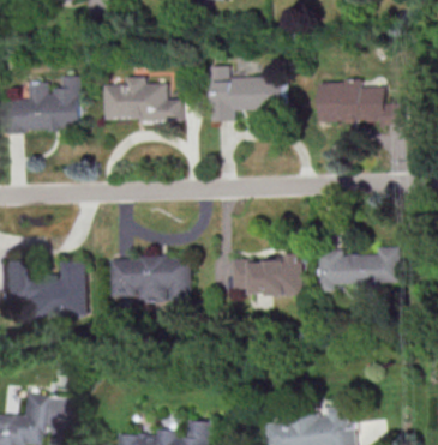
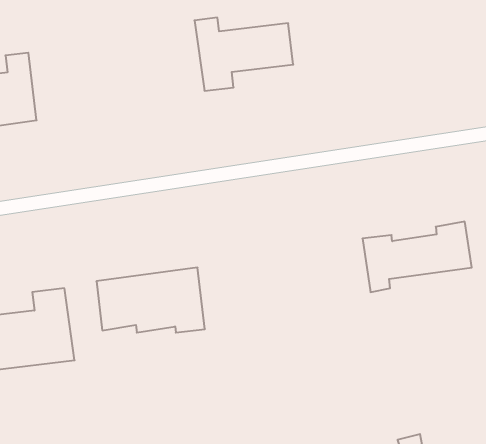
building: [104,77,182,122] -> none
building: [318,80,406,126] -> none
building: [233,257,302,295] -> none

